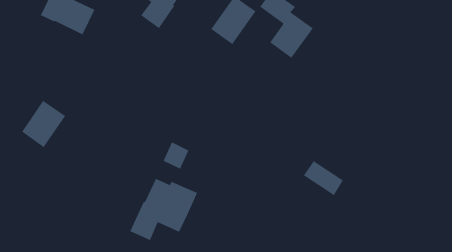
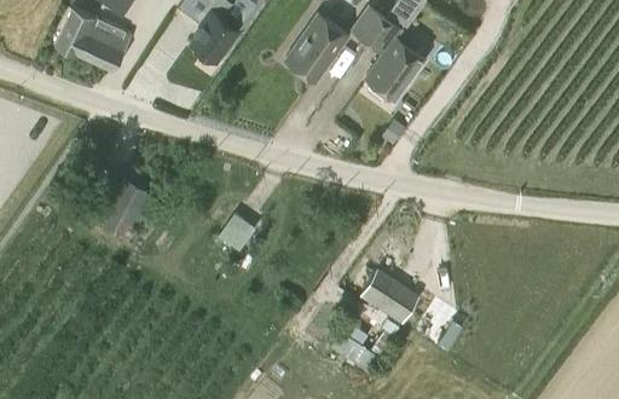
building: [21,100,66,148] -> [98,175,158,241]
building: [303,160,344,196] -> [361,276,417,324]
building: [129,178,198,241] -> none

